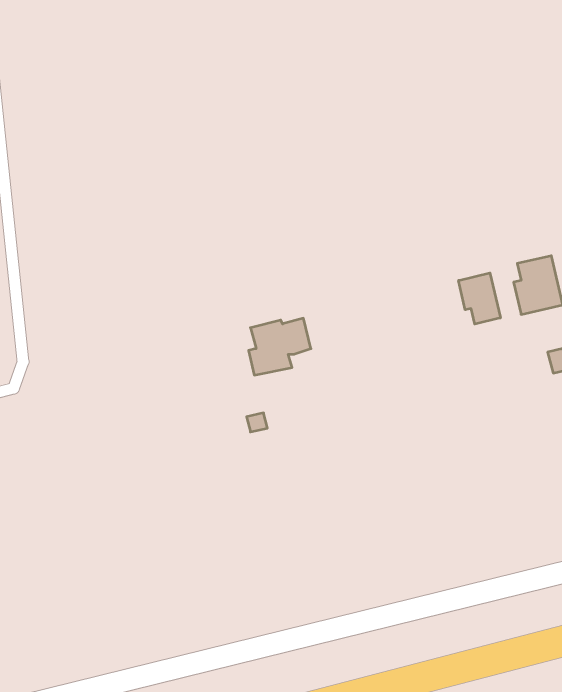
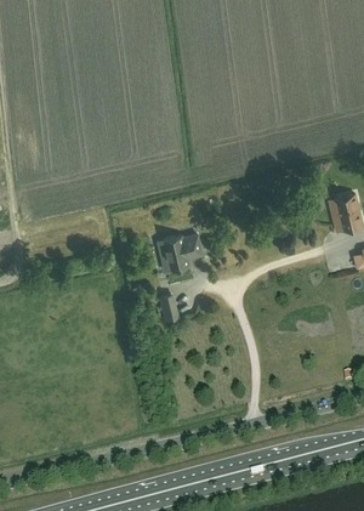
building: [459,273,500,324] -> none

